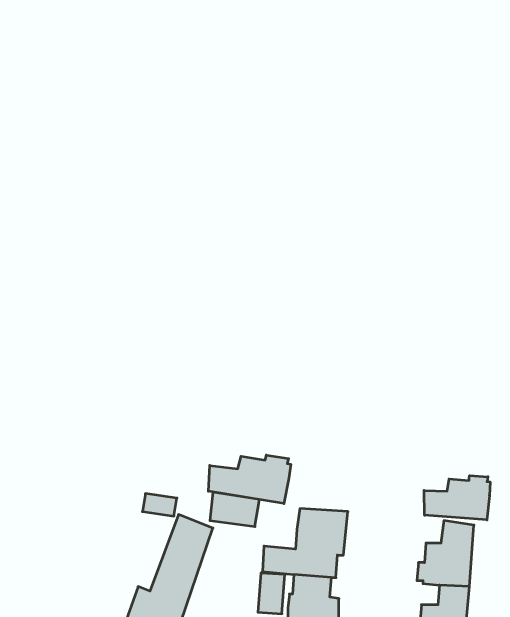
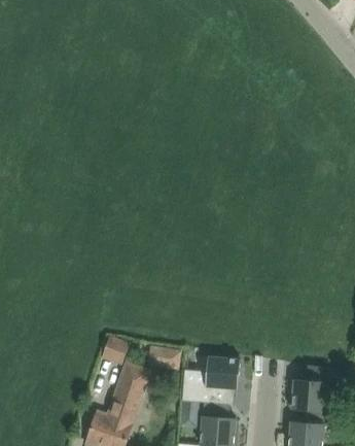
building: [208,455,291,504] -> none
building: [424,476,490,520] -> none

